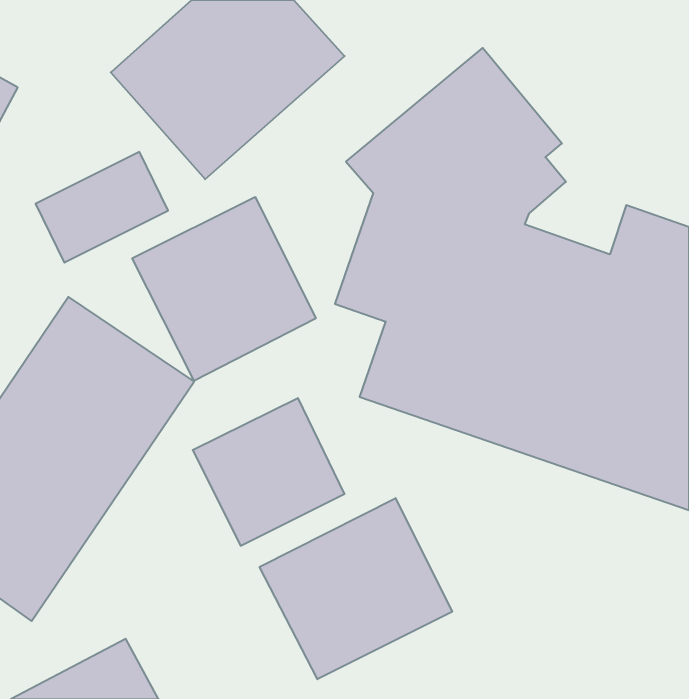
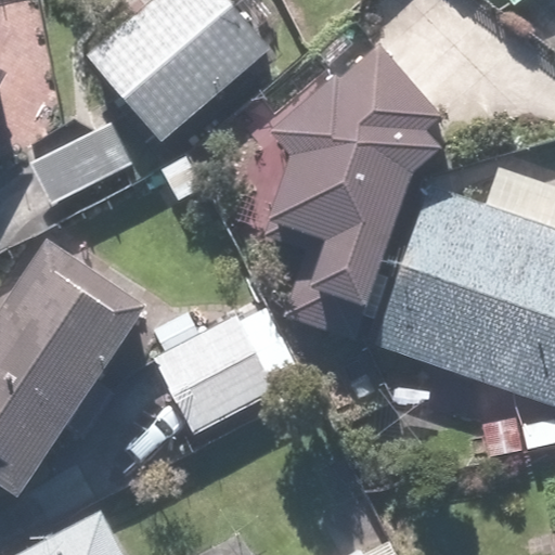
building: [132,197,316,381] -> none
building: [260,498,452,679] -> none

